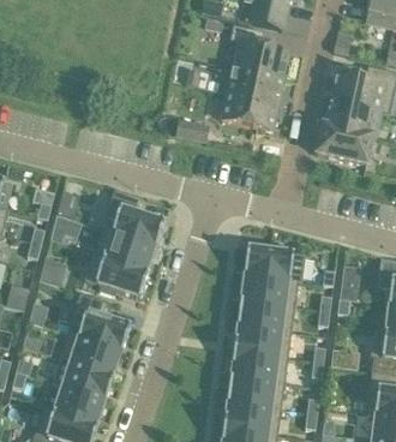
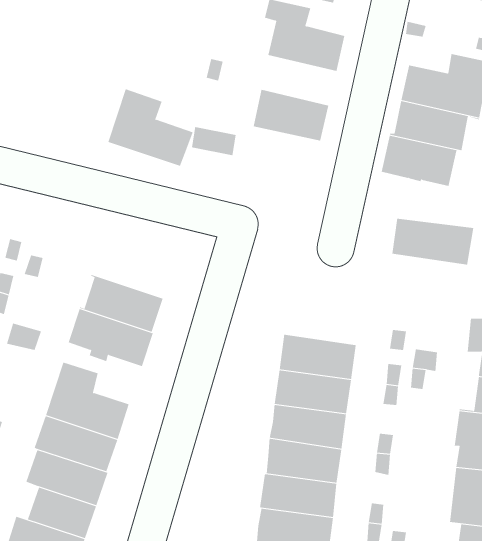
building: [227,66,283,103] -> none
building: [101,189,164,246] -> [107,88,193,166]
building: [244,246,305,281] -> [391,218,474,265]

